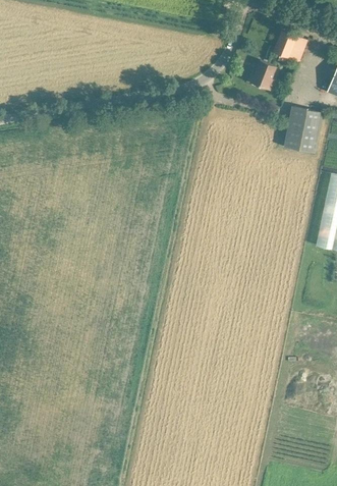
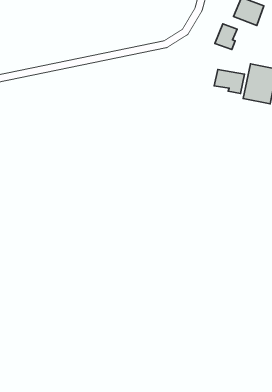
building: none -> [214,69,245,94]

